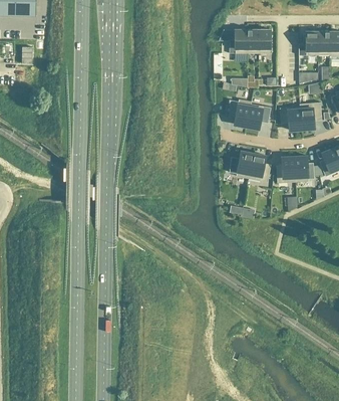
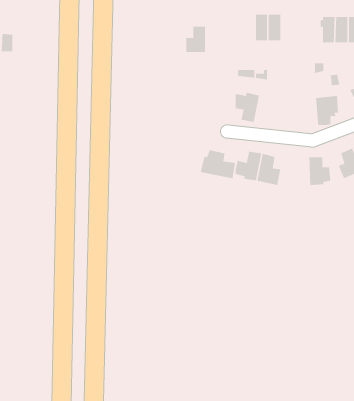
building: [229,29,247,53] -> [186,26,206,53]
building: [246,102,271,129] -> none
building: [279,104,302,130] -> none
building: none -> [200,149,236,179]
building: [276,156,295,183] -> none

